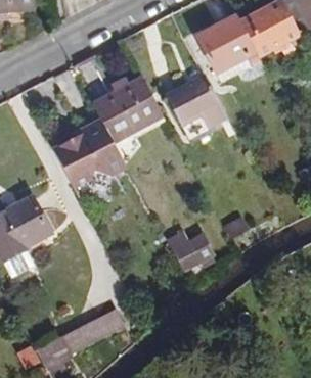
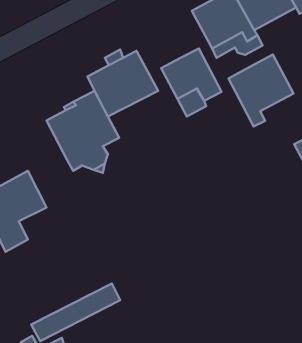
building: none -> [228,55,294,127]
building: [168,230,214,270] -> none

